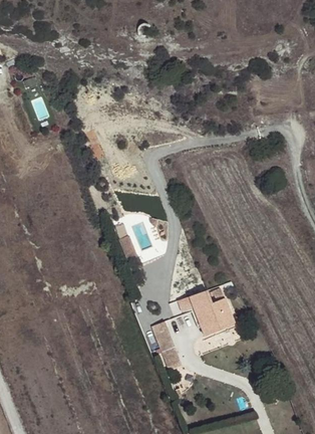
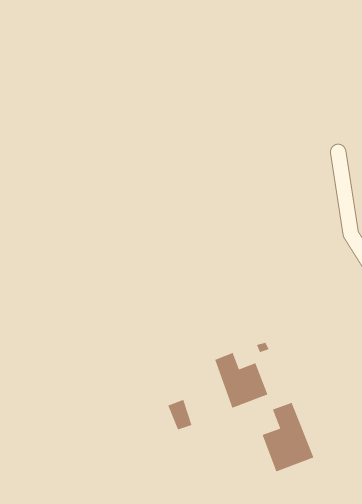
building: none -> [262,402,315,473]

